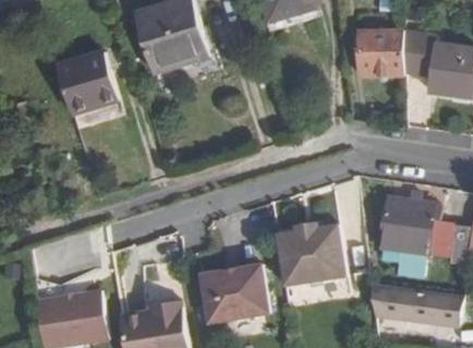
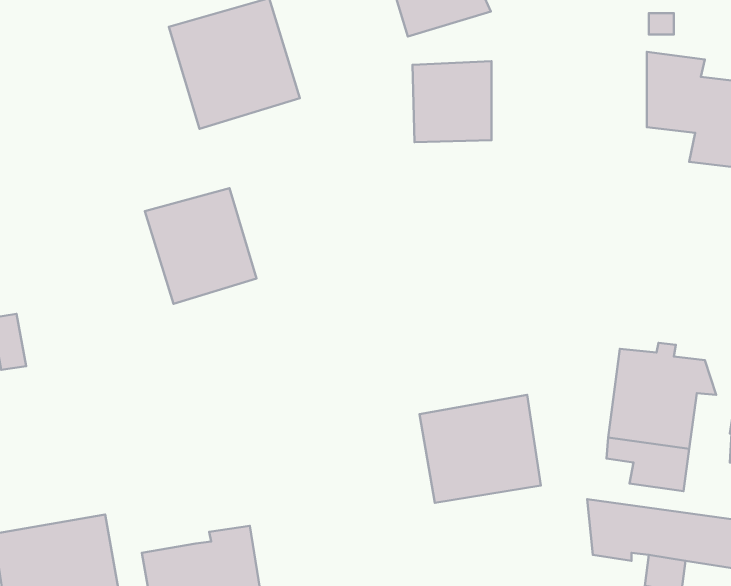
building: [359,29,403,75] -> [412,61,491,142]
building: [54,49,118,115] -> [145,188,256,304]
building: [198,264,267,322] -> none

